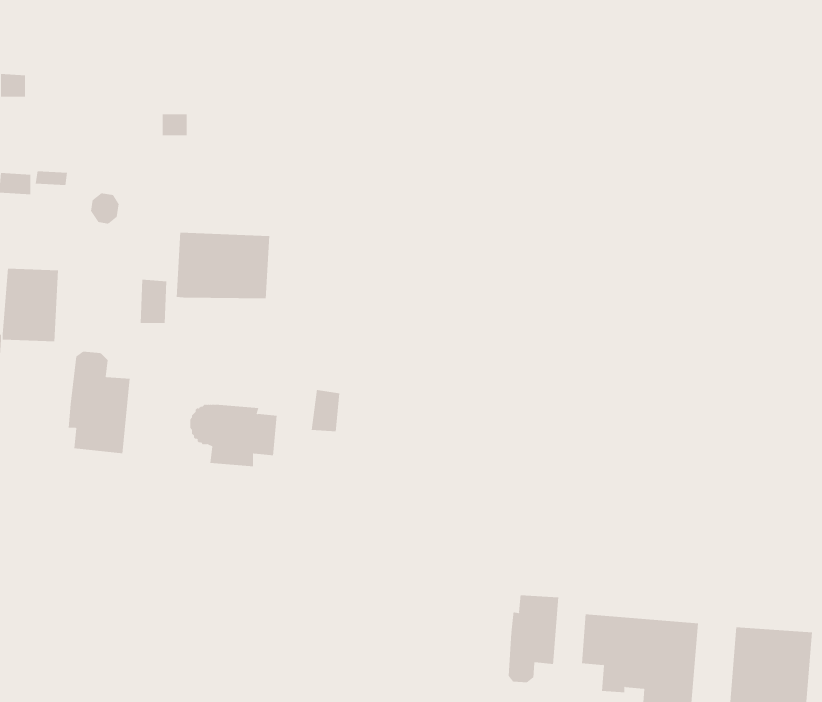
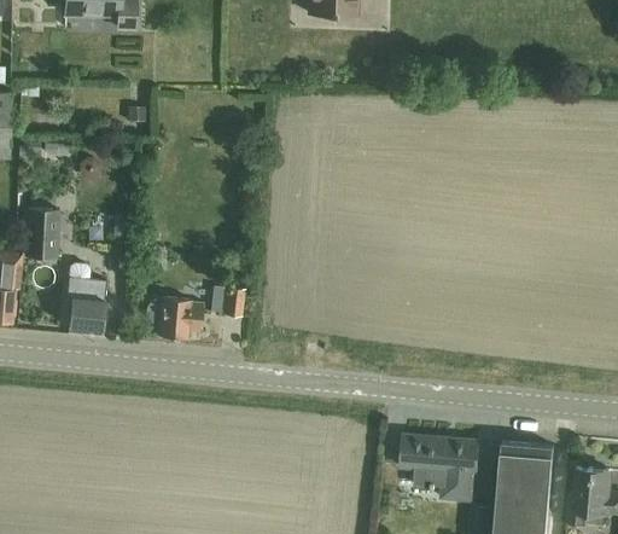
building: [176,232,270,299] -> none
building: [508,594,559,683] -> none

